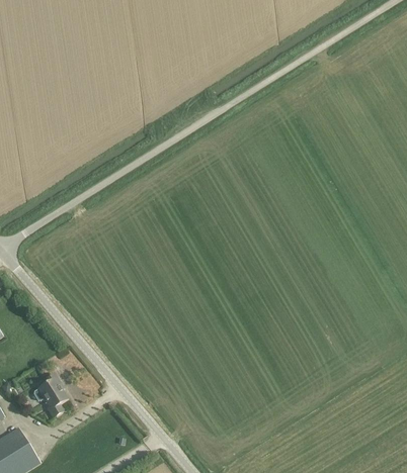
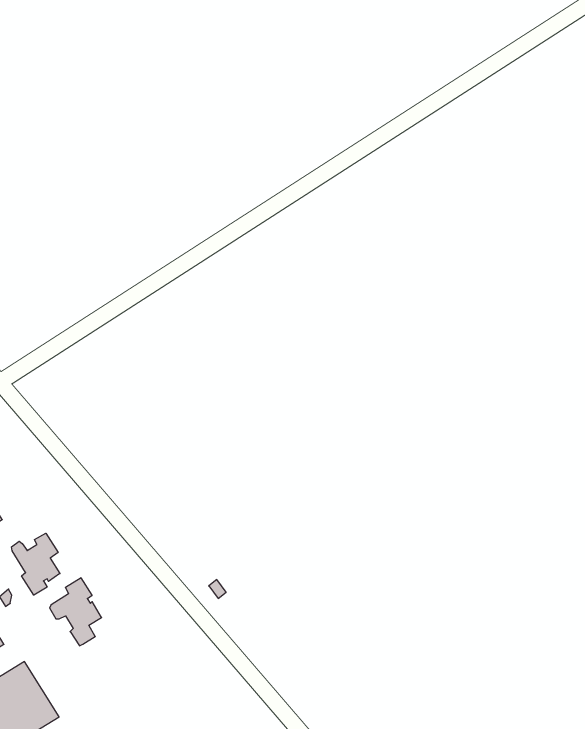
building: none -> [11,533,60,595]

